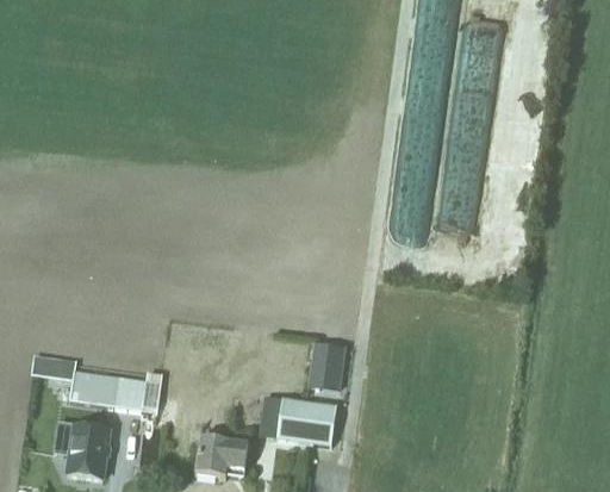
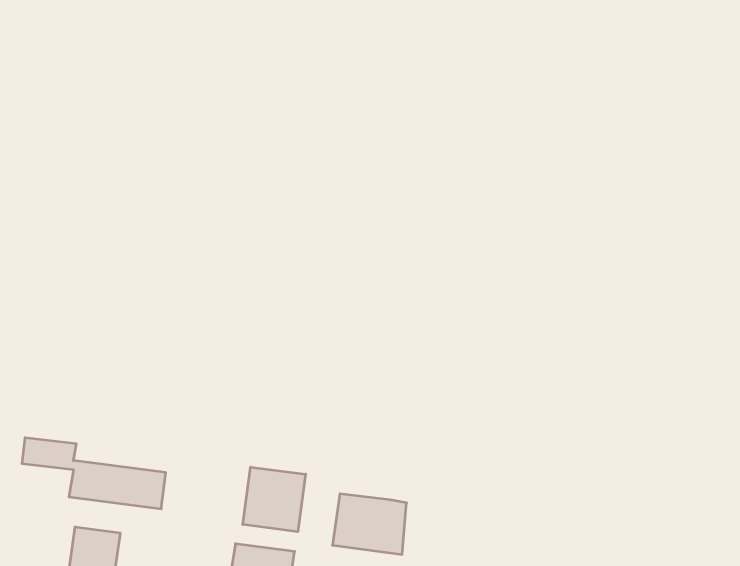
building: [307,341,346,390] -> none
building: none -> [243,467,306,532]

